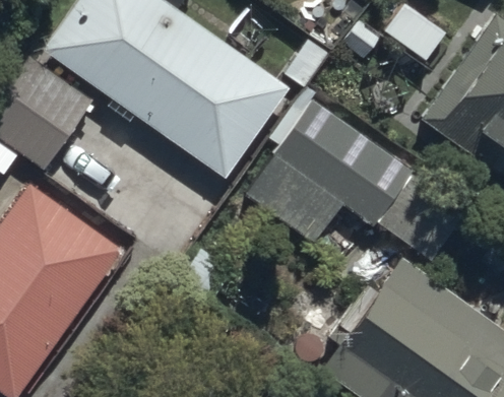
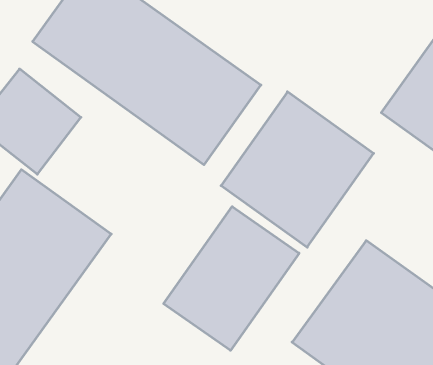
building: none -> [164,207,299,350]

